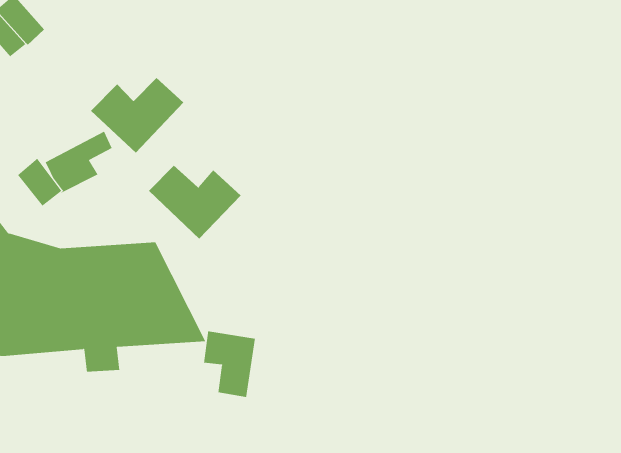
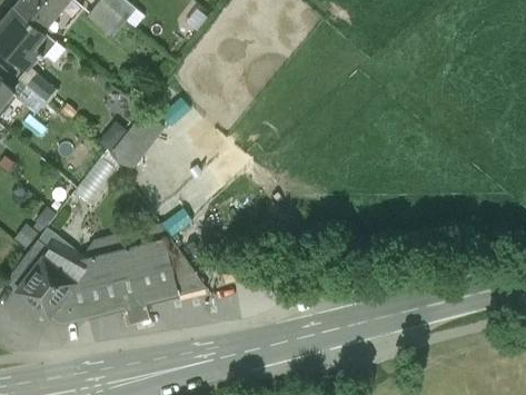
building: [148,165,242,240] -> none
building: [203,331,255,398] -> none

